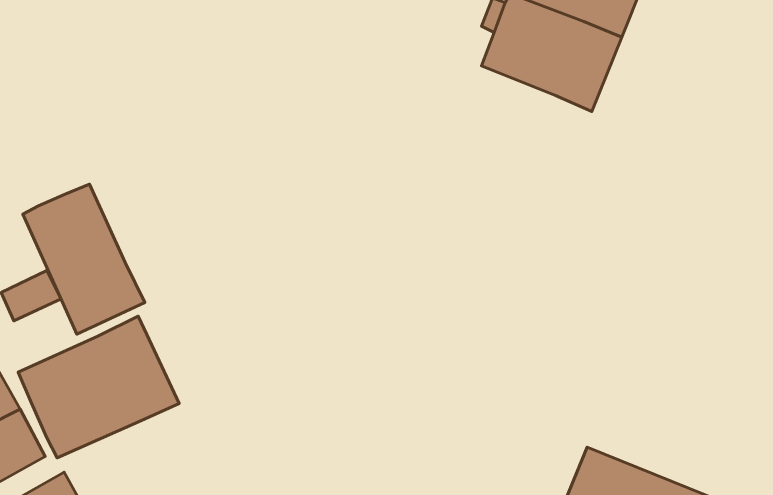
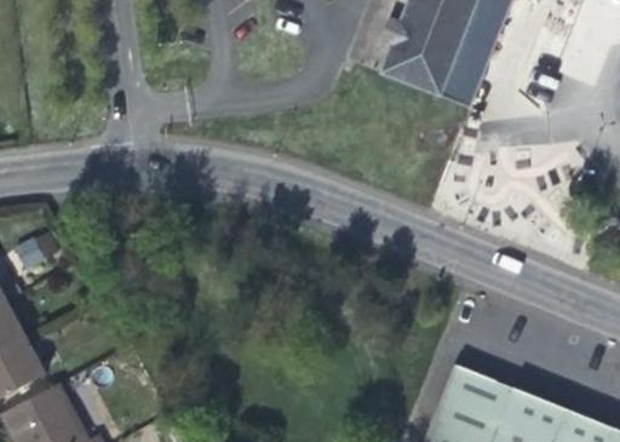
building: [23,184,145,334] -> none
building: [18,316,179,458] -> none

